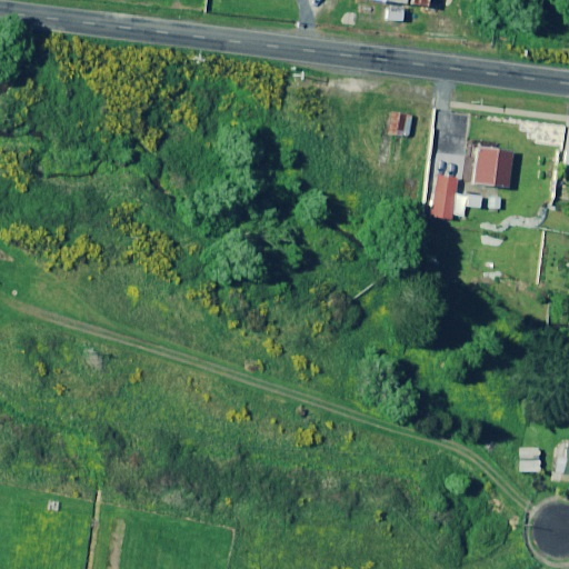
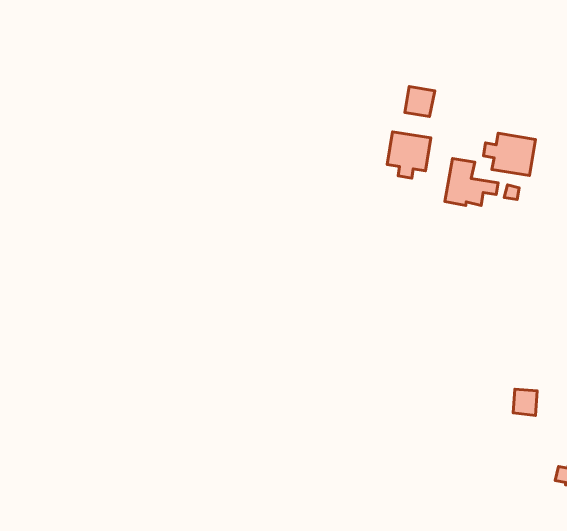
building: none -> [387,132,431,178]
building: [519,448,540,471] -> [513,389,537,416]

